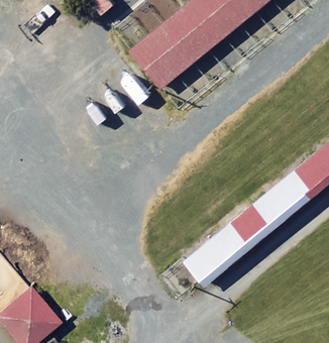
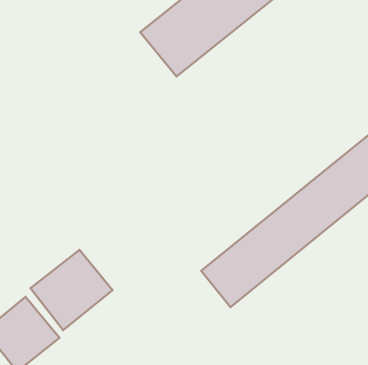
building: none -> [30,250,112,330]

